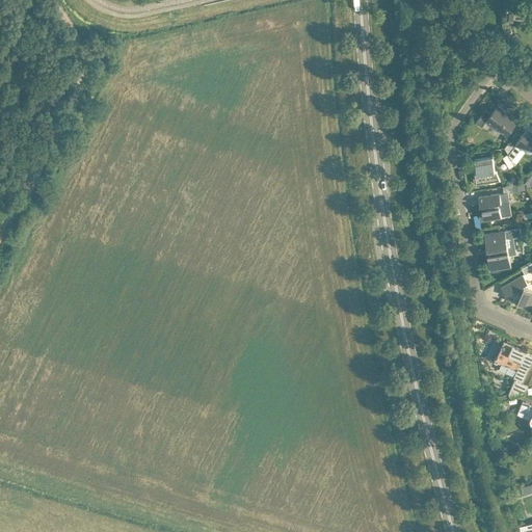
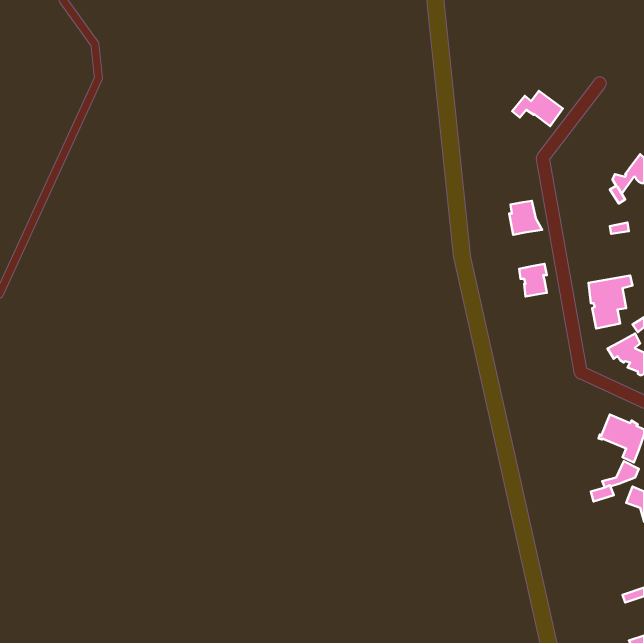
building: [475,107,516,136] -> [512,91,563,126]
building: [473,158,500,186] -> [509,201,542,235]
building: [478,194,501,221] -> [519,264,547,297]

